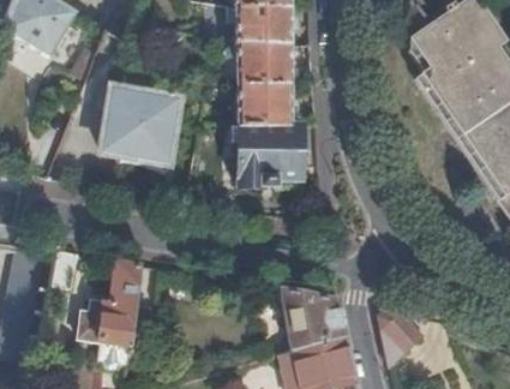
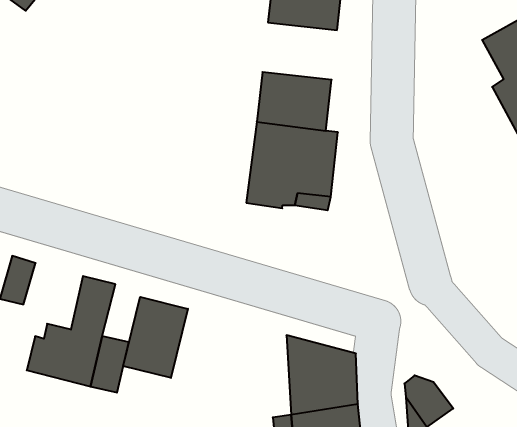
building: [238,42,293,82] -> none
building: [107,89,185,164] -> none
building: none -> [123,297,188,378]

